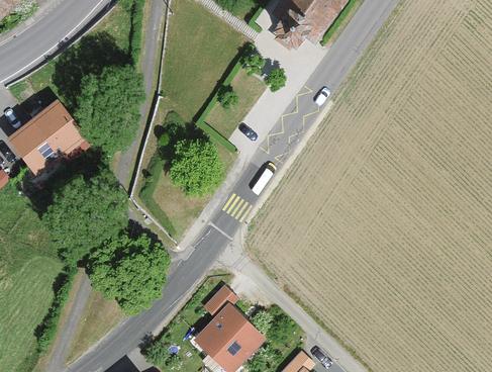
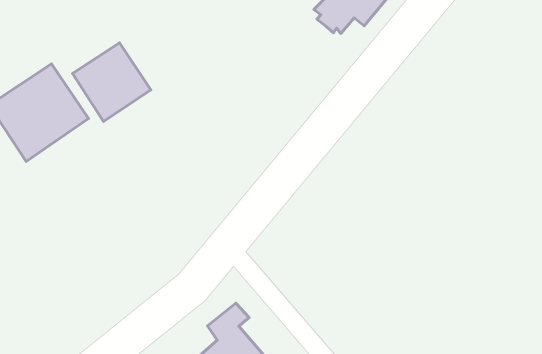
building: none -> [73,43,151,121]

